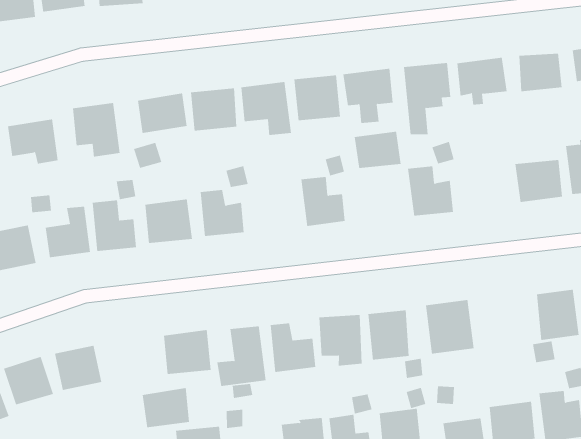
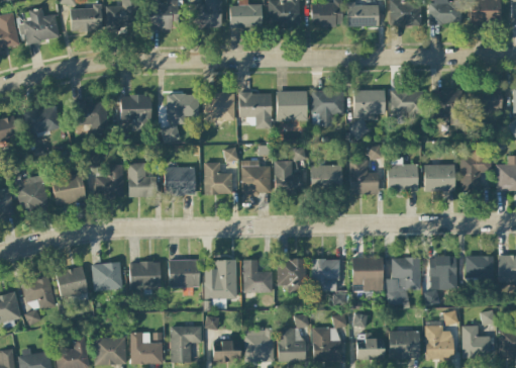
building: [354,131,402,169] -> [310,165,341,188]
building: none -> [386,158,417,192]
building: none -> [240,160,270,194]
building: none -> [386,258,420,308]
building: [142,388,190,428] -> [128,261,160,286]

